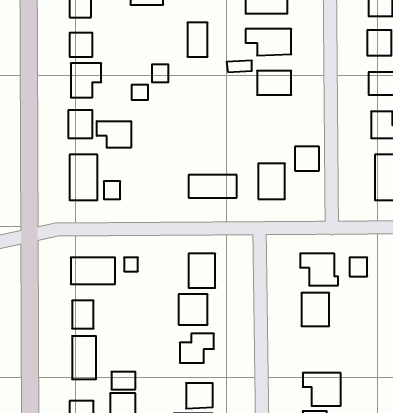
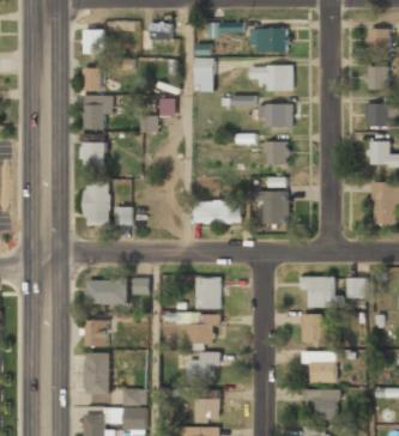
building: [97,121,131,148] -> none
building: [295,147,319,171] -> [265,141,288,164]
building: none -> [303,351,337,382]

